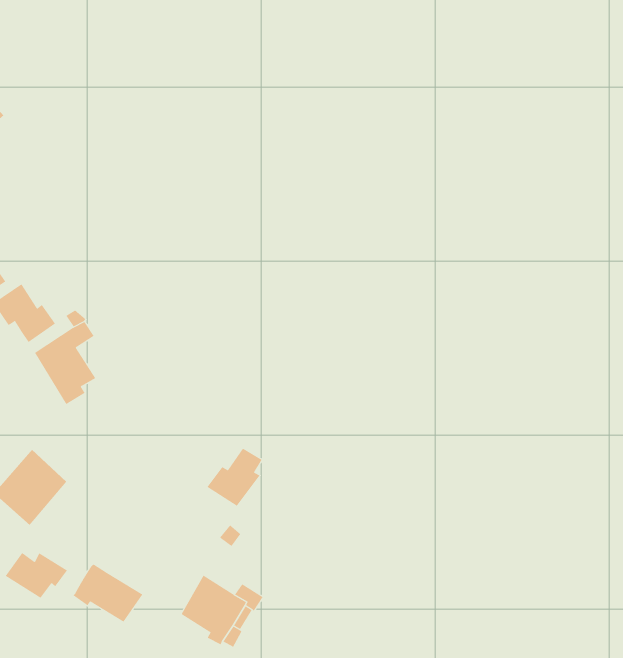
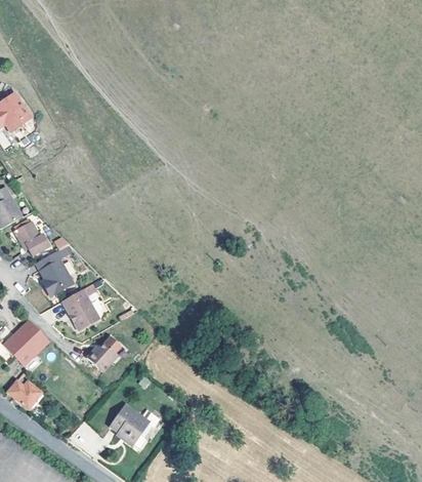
building: none -> [61,290,99,332]
building: [207,448,262,506] -> [86,335,121,370]
building: [72,564,143,623] -> none

